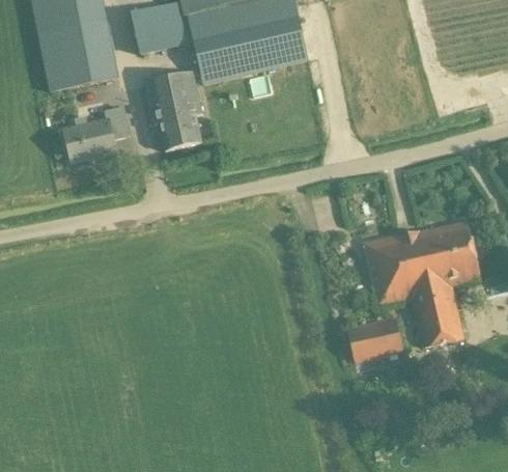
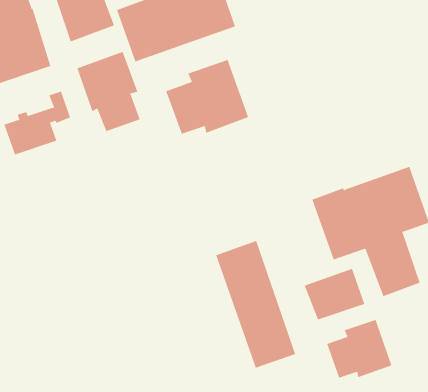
building: none -> [166,59,249,134]
building: none -> [215,240,296,369]
building: none -> [326,319,392,378]

